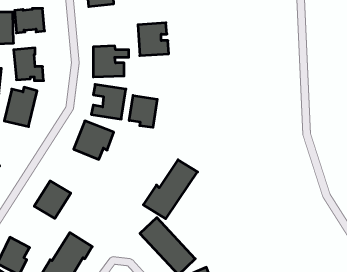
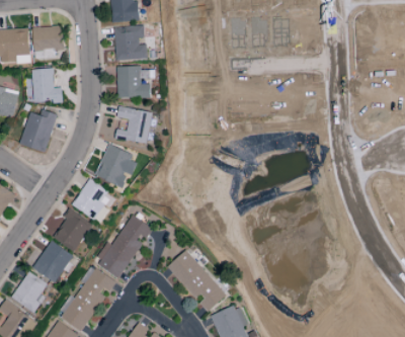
building: [138,23,169,56] -> [113,24,147,60]
building: [129,95,157,127] -> none
building: none -> [72,180,113,224]
building: [143,160,198,219] -> [94,215,153,278]
building: none -> [32,241,73,282]

